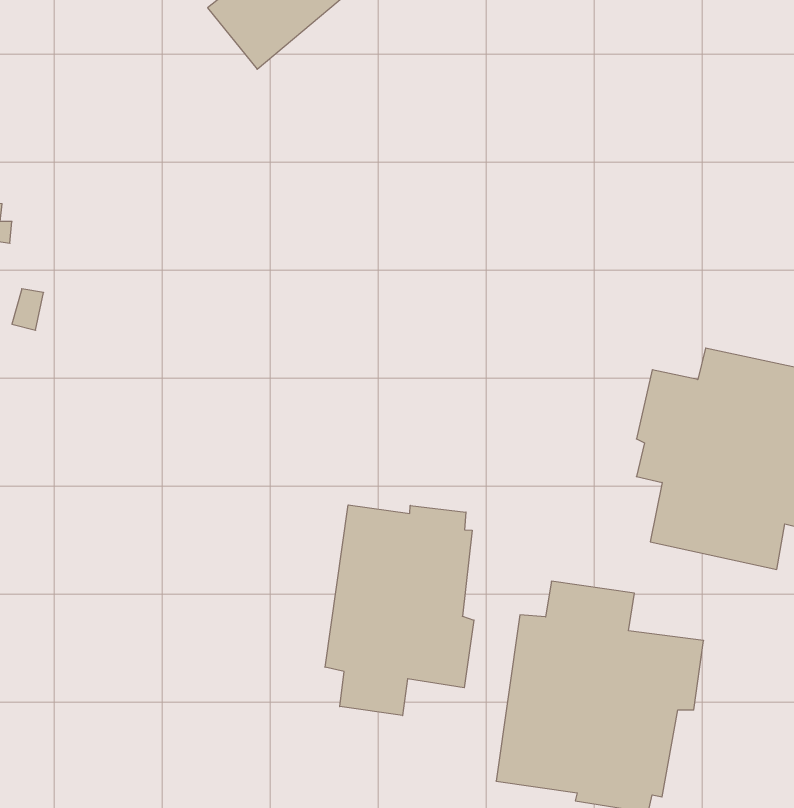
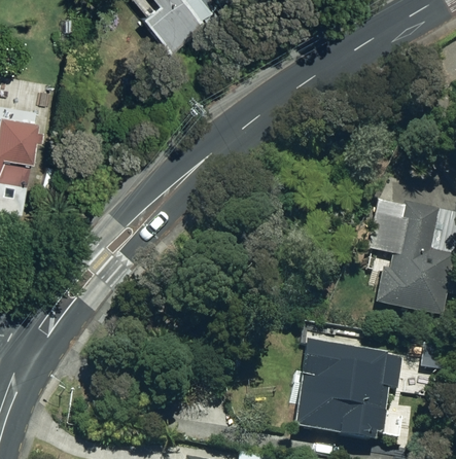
building: [325,505,474,716] -> none

